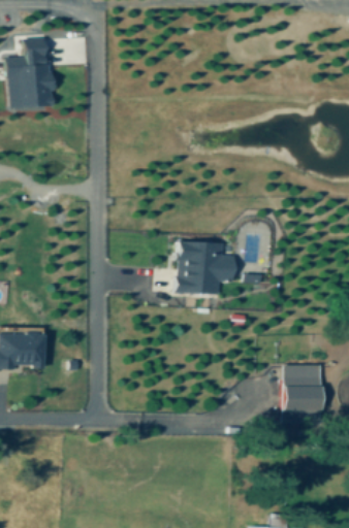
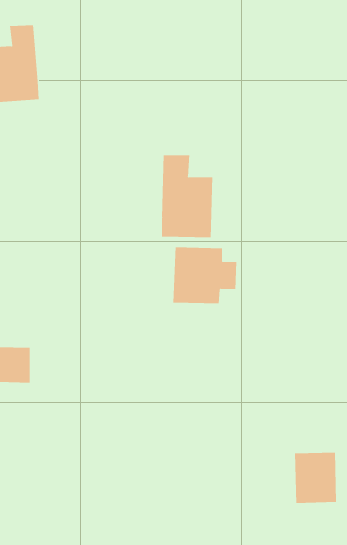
building: none -> [161,154,213,238]
building: [283,364,322,411] -> [294,452,337,503]

